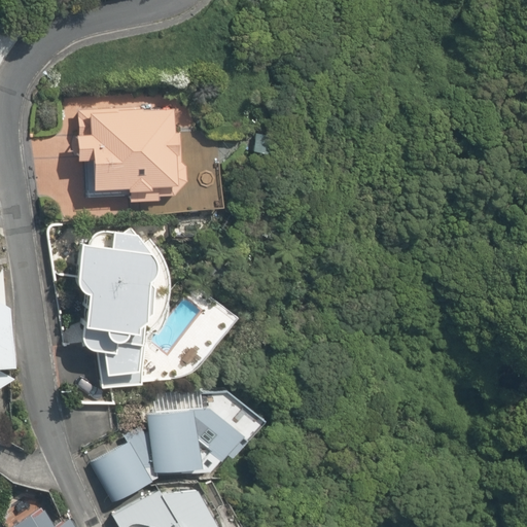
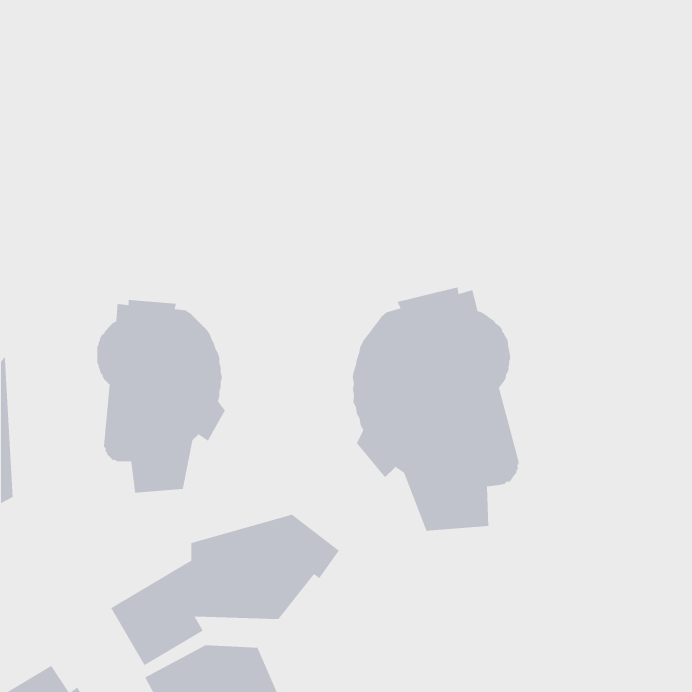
building: [76,110,184,203] -> none
building: none -> [352,286,520,532]

